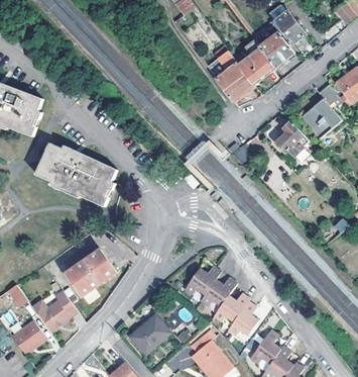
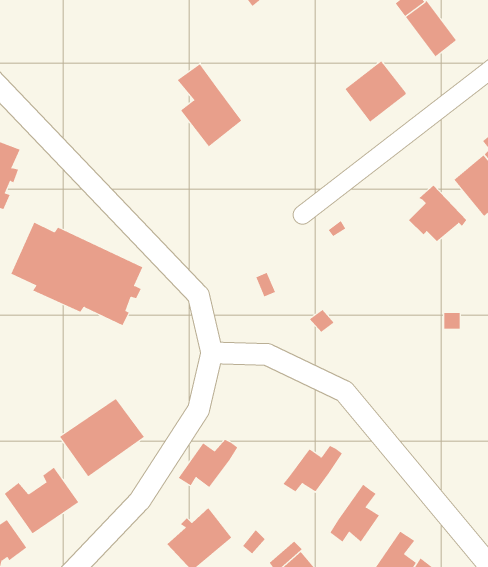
building: [257,29,292,66] -> none
building: [213,50,252,100] -> [177,63,242,147]
building: [185,267,221,296] -> [178,439,238,488]
building: [213,293,249,322] -> none

